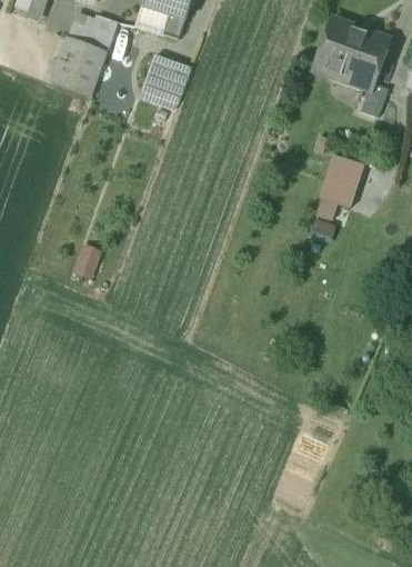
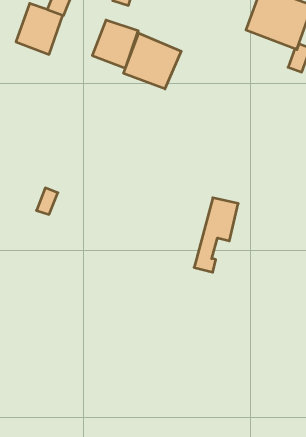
building: none -> [124,33,181,89]
building: [310,156,360,240] -> [194,198,238,272]

